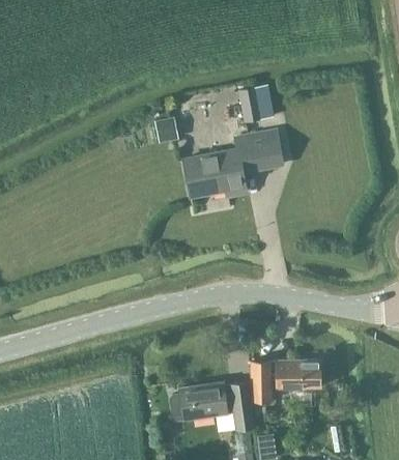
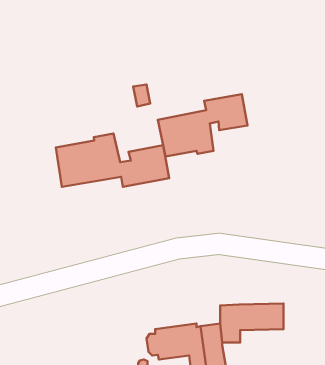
building: [240,85,275,122] -> none
building: none -> [56,134,169,187]

